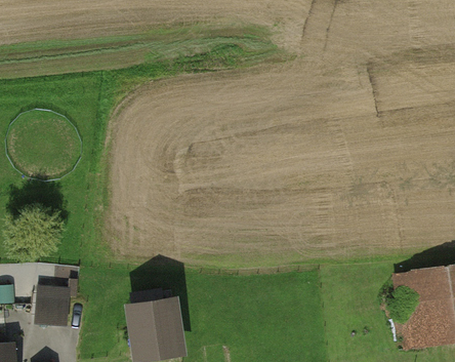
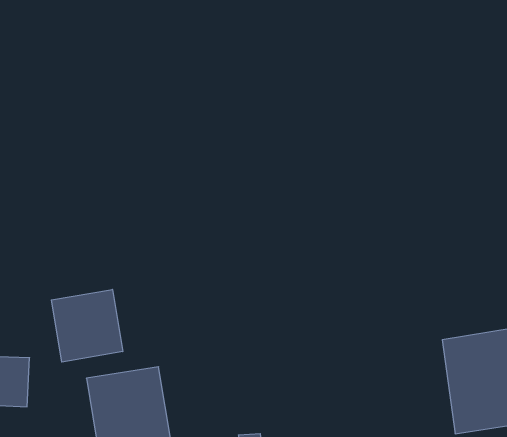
building: none -> [51,289,123,362]

